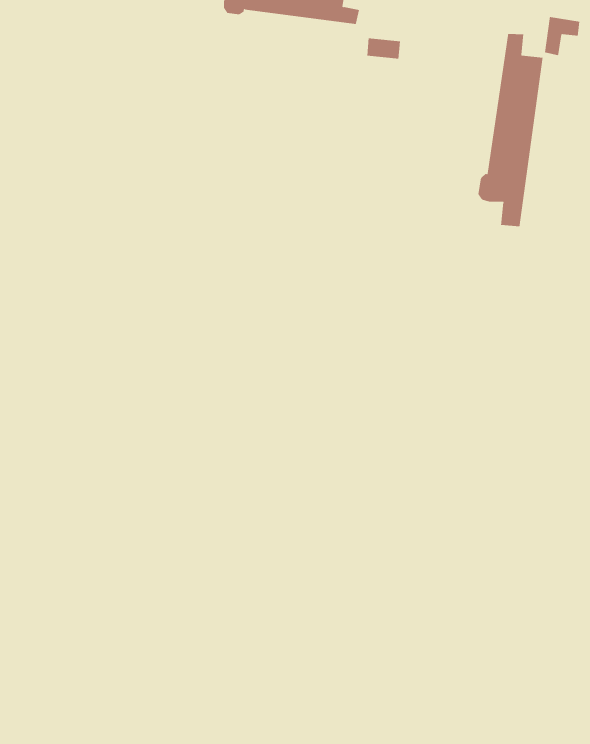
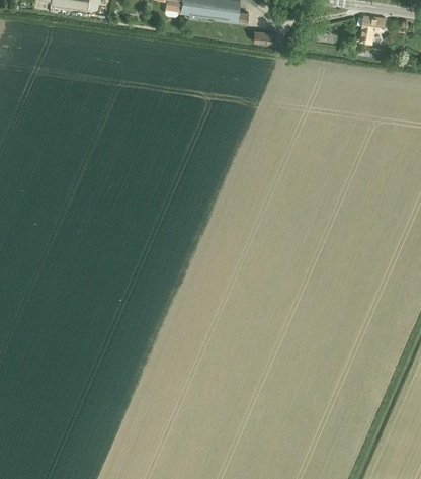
building: [478,33,543,227] -> none

